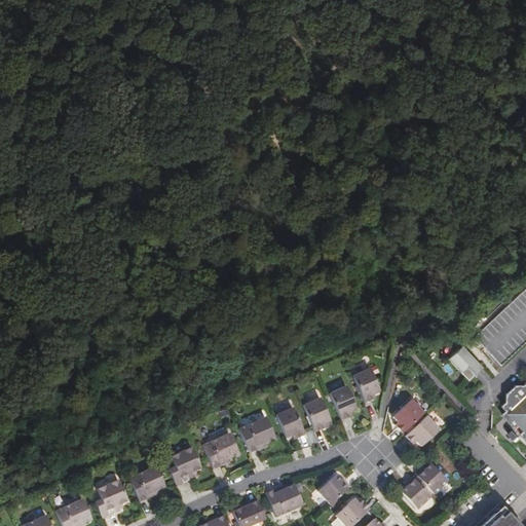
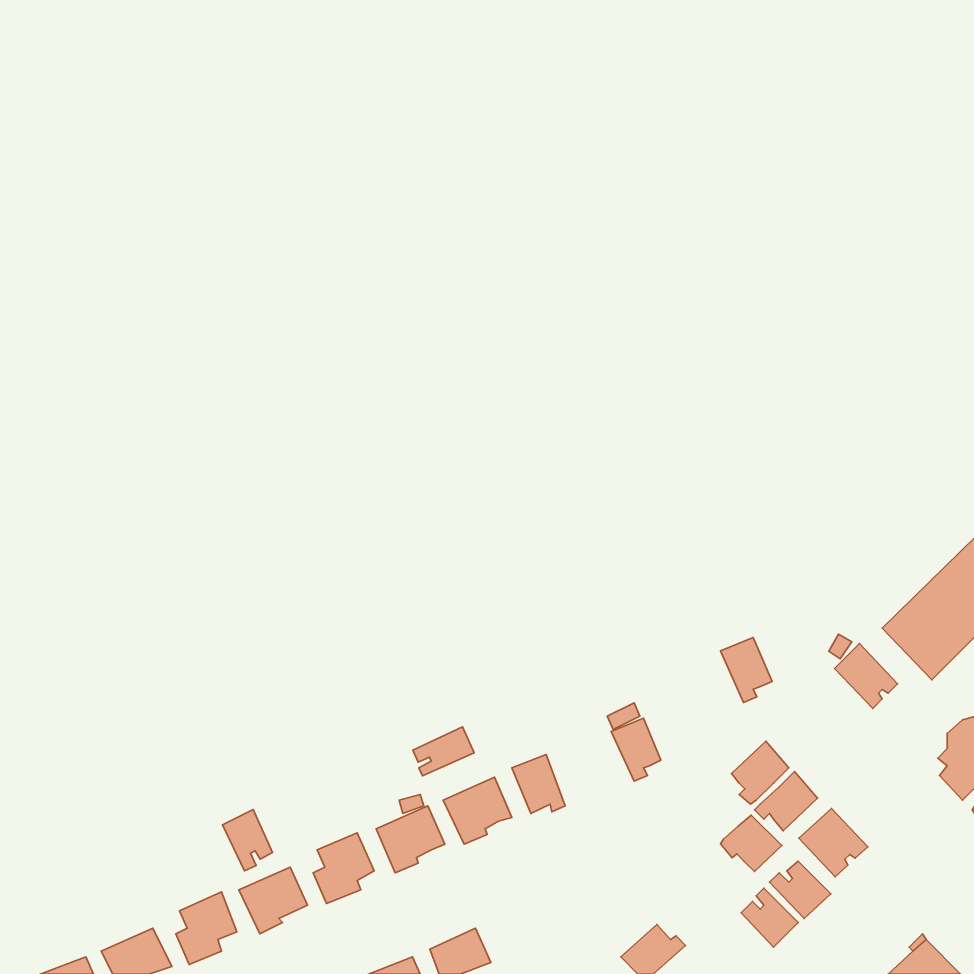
building: [353,368,381,403] -> [721,637,772,702]
building: none -> [413,727,474,776]
building: [303,397,331,431] -> none
building: none -> [799,808,868,877]
building: none -> [222,810,272,871]
building: none -> [721,815,782,872]
building: [317,473,350,504] -> none
building: [266,485,302,517] -> none

